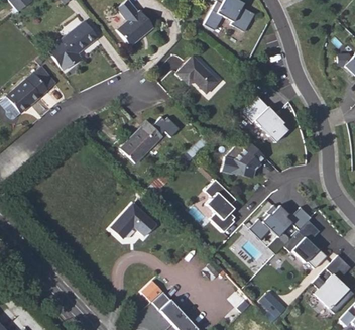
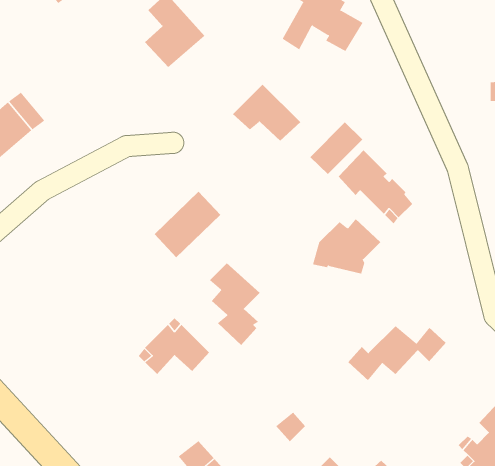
building: [48,21,98,67] -> none
building: none -> [309,122,363,175]
building: [200,182,232,234] -> [209,263,260,346]
building: [286,221,330,268] -> none

